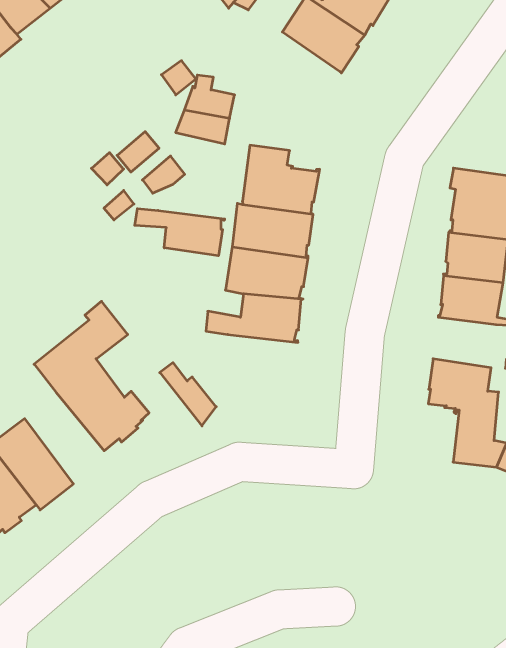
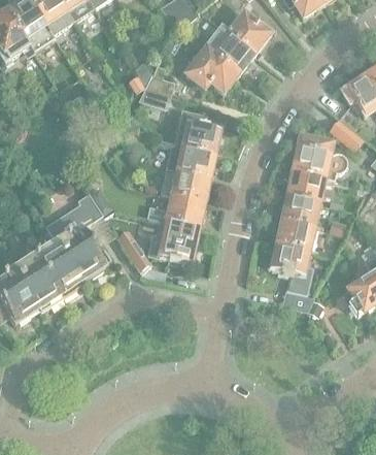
building: none -> [184,45,237,92]
building: [135,209,225,256] -> none
building: none -> [276,219,314,251]
building: none -> [147,218,199,262]
building: none -> [37,242,83,296]

